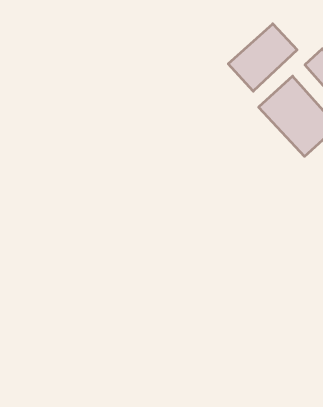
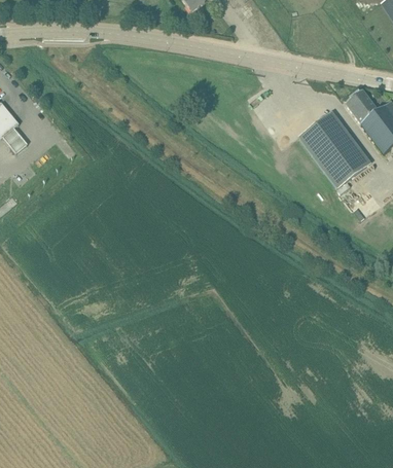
building: [228,24,297,91] -> none

